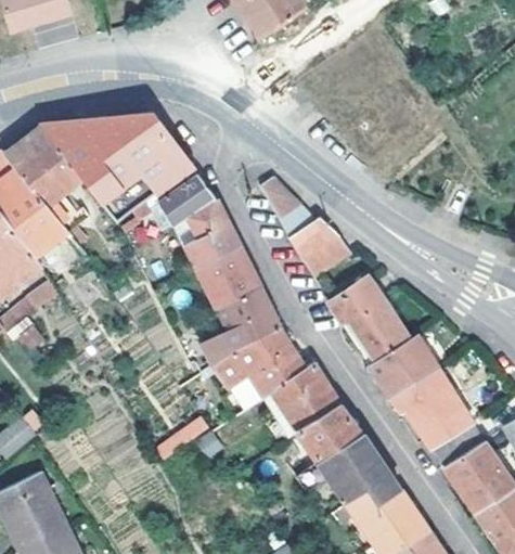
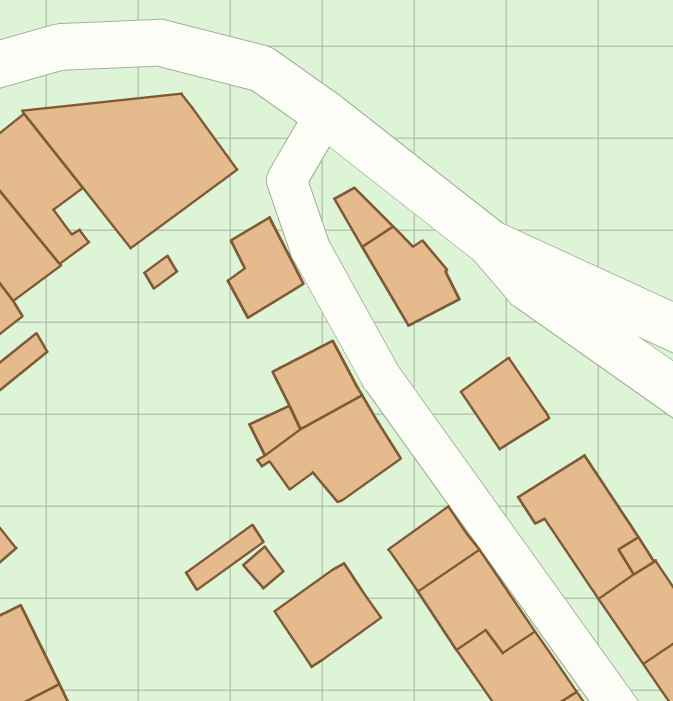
building: [157,173,214,226] -> none
building: [198,245,258,309] -> none
building: [327,274,382,325] -> none
building: [369,336,435,395] -> none
building: [265,363,339,436] -> [275,563,381,667]

